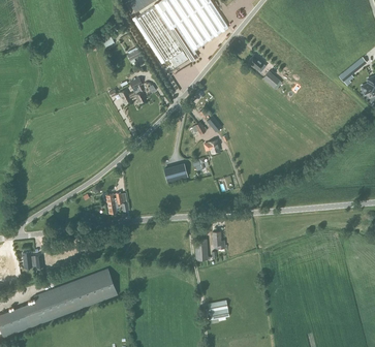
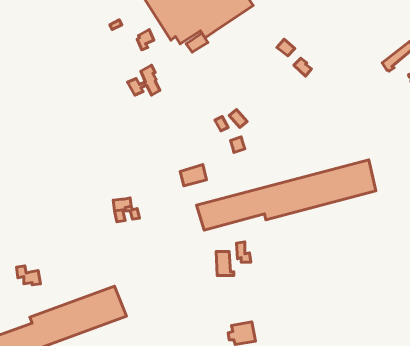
building: none -> [197,160,376,230]

